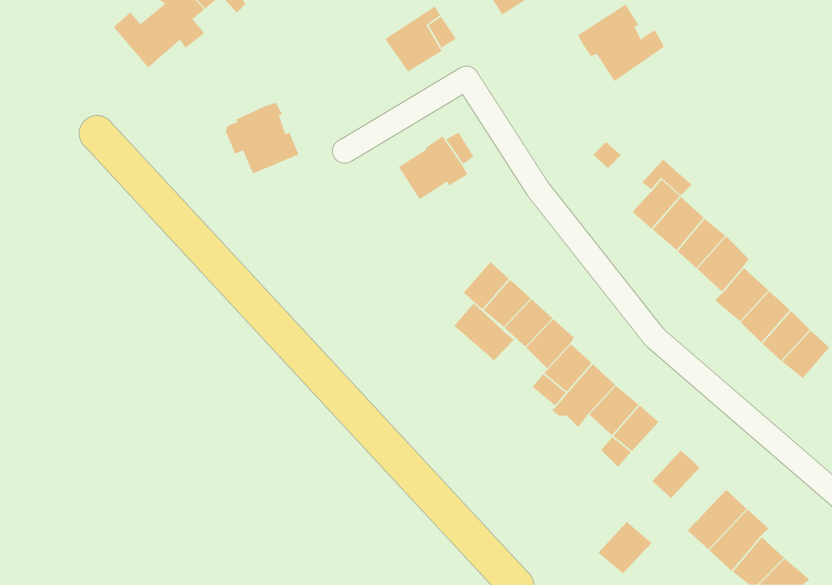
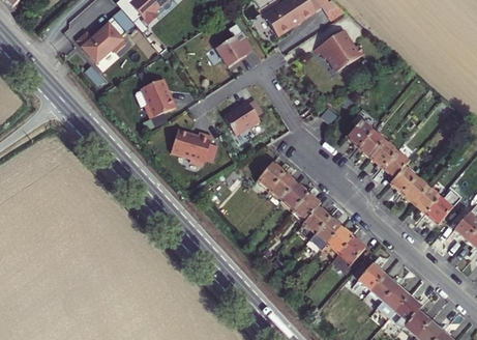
building: none -> [169,131,210,167]
building: [453,302,515,361] -> none
building: [597,521,652,574] -> [369,273,398,301]

